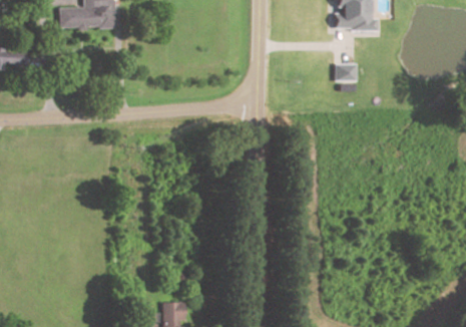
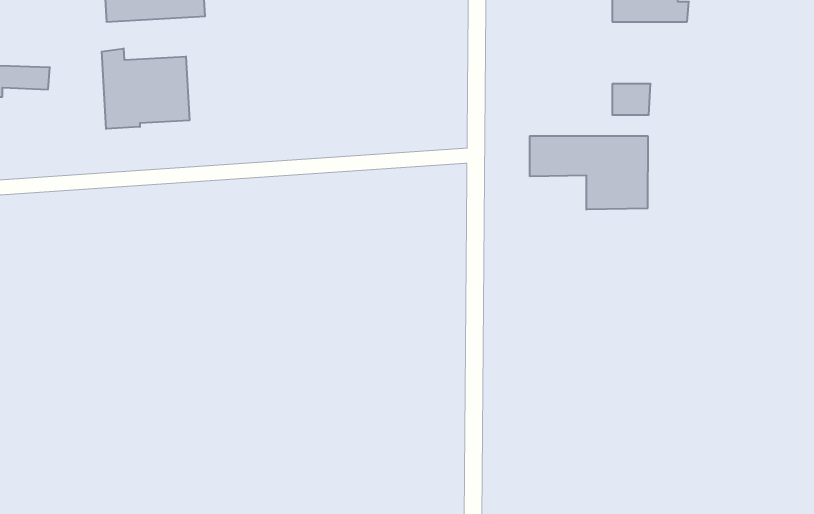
building: none -> [102,48,189,129]
building: none -> [530,136,648,210]

